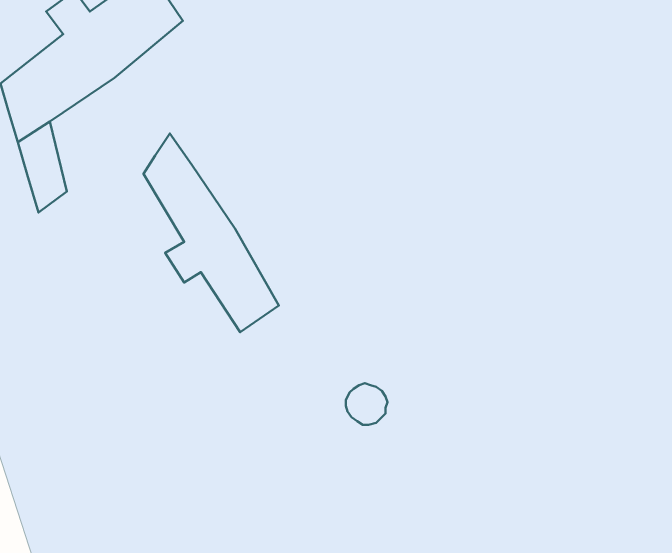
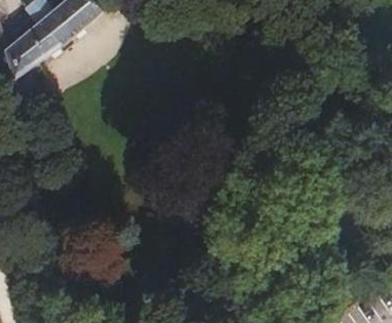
building: [143,134,279,332] -> none

